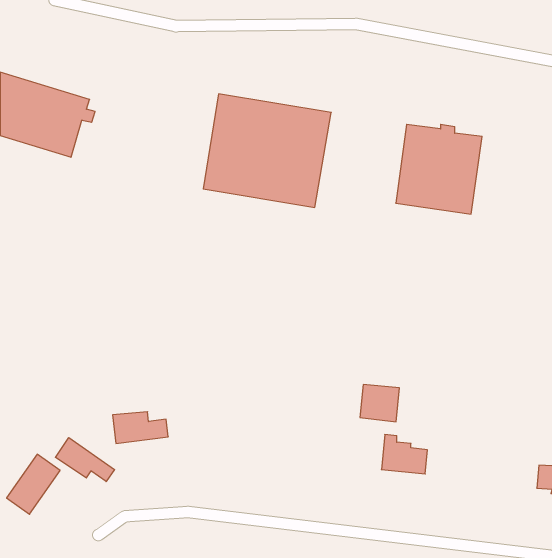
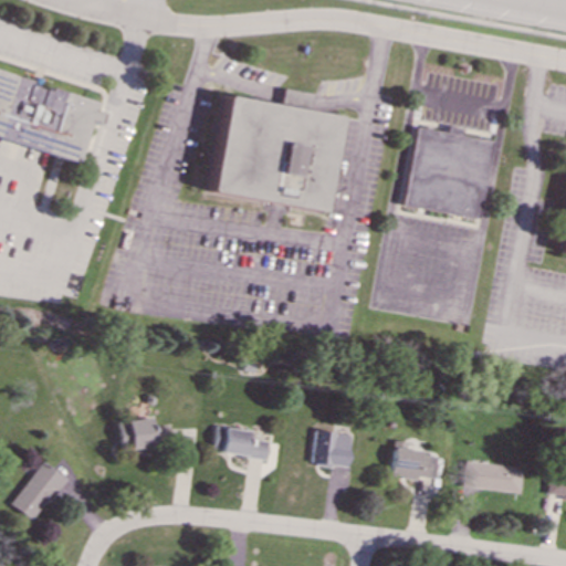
building: [360,385,399,422] -> [314,430,354,468]
building: none -> [216,427,271,457]
building: [55,438,115,482] -> none
building: none -> [464,461,525,492]

